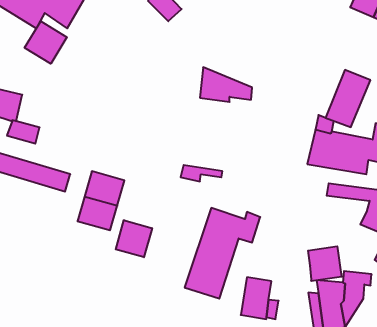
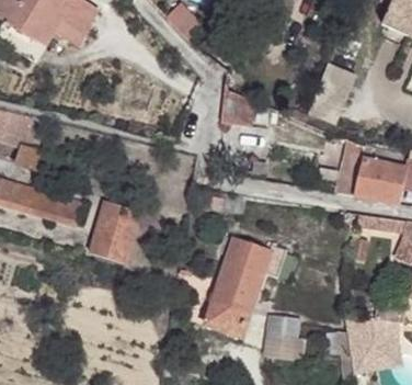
building: [25,21,67,64] -> none
building: [325,70,370,127] -> [308,63,356,124]
building: [116,220,152,257] -> none
building: [308,246,342,281] -> none

